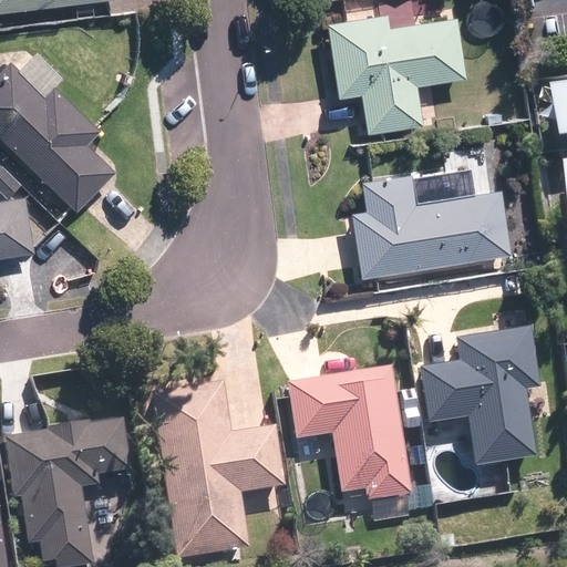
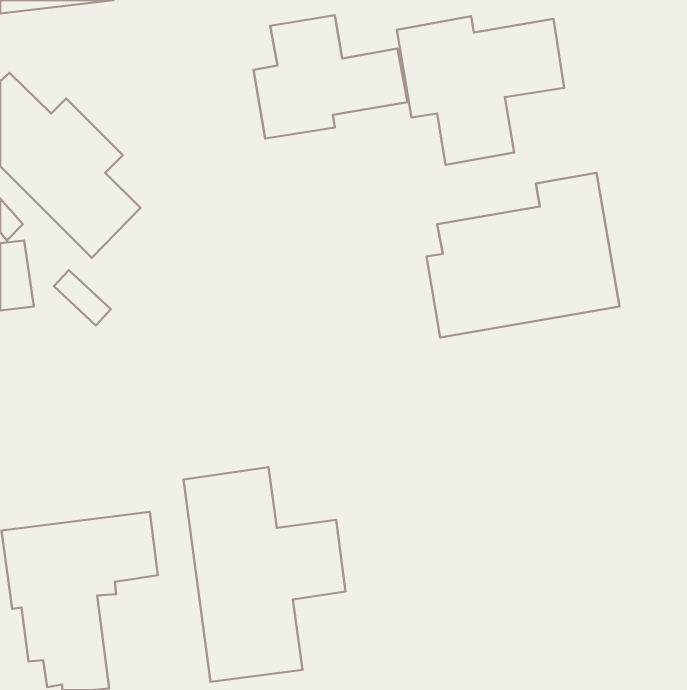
building: none -> [254,15,407,139]
building: [421,327,540,467] -> none
building: [288,365,435,523] -> none

